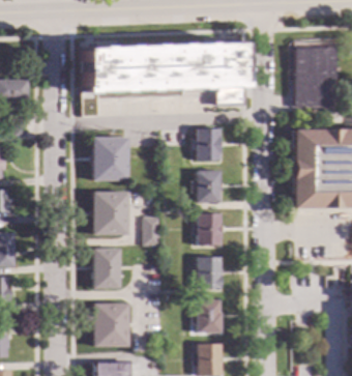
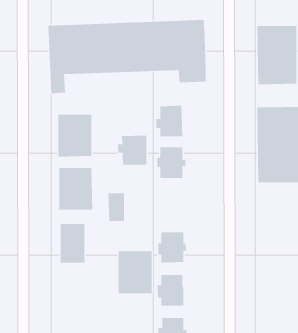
building: none -> [117,135,147,166]
building: [194,212,222,244] -> none
building: [94,302,129,346] -> [118,251,152,294]

